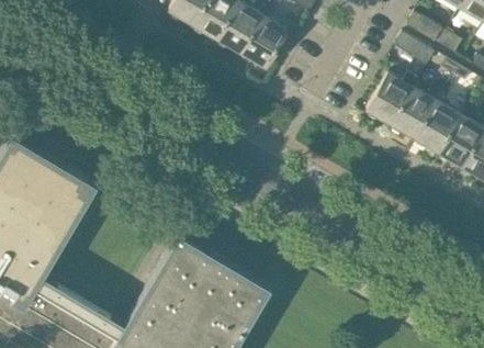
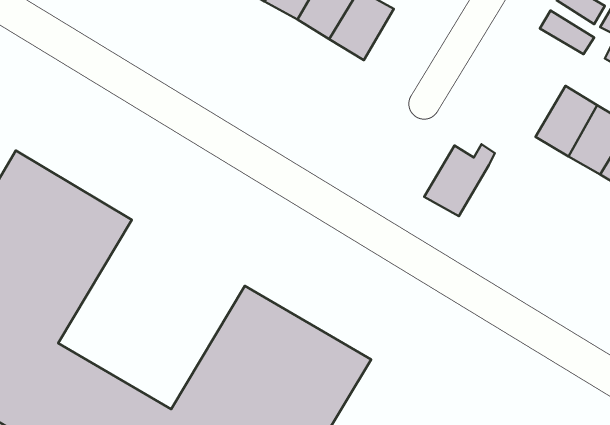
building: [368,71,419,124] -> [424,144,495,216]

